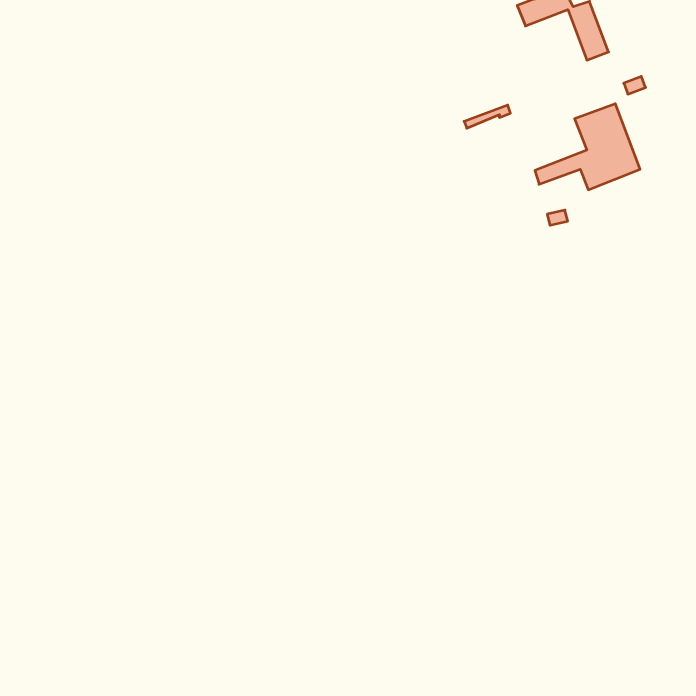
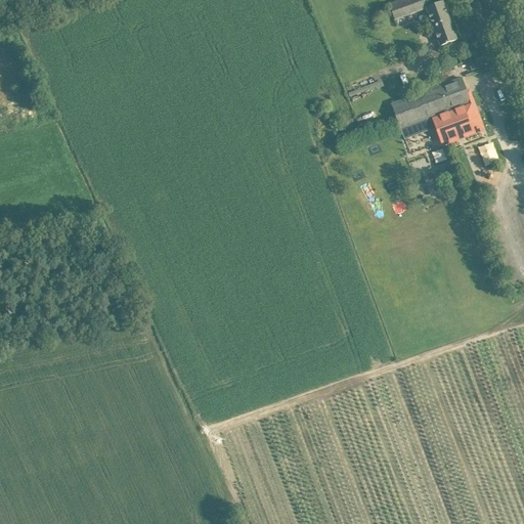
building: none -> [393,89,441,128]

